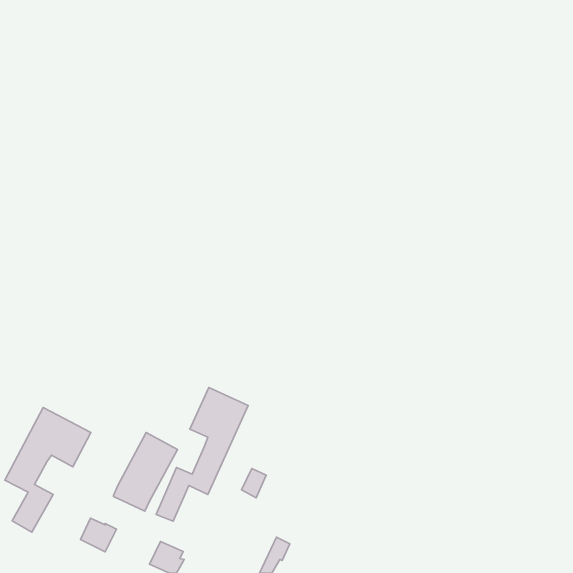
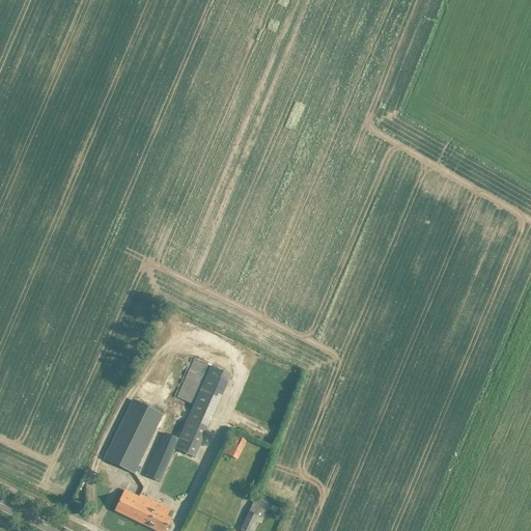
building: [5,407,91,532] -> none
building: [80,518,116,552] -> [115,490,148,521]

